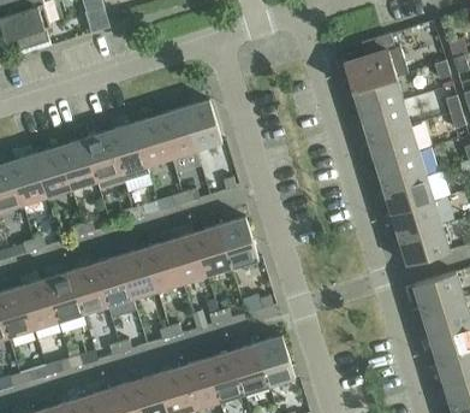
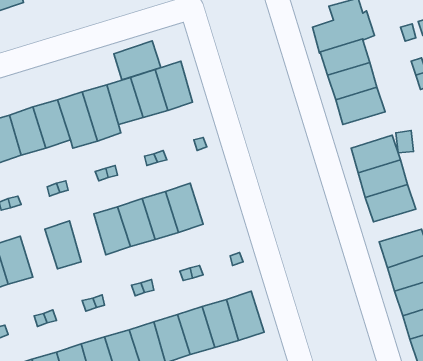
building: none -> [114,41,161,80]
building: [375,152,426,189] -> none
building: [219,217,258,267] -> none
building: [95,256,136,318] -> none
building: [44,272,83,321] -> none

